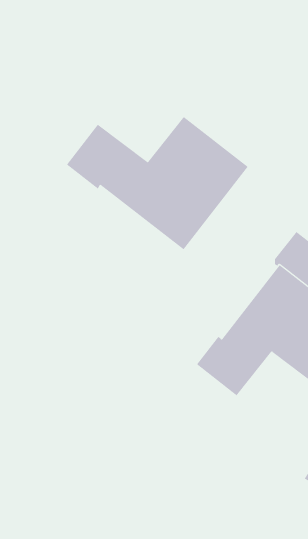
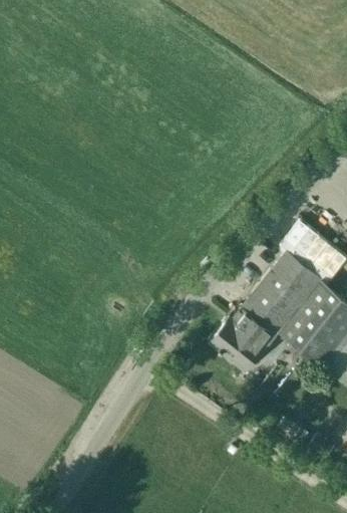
building: [66,116,249,250] -> none

